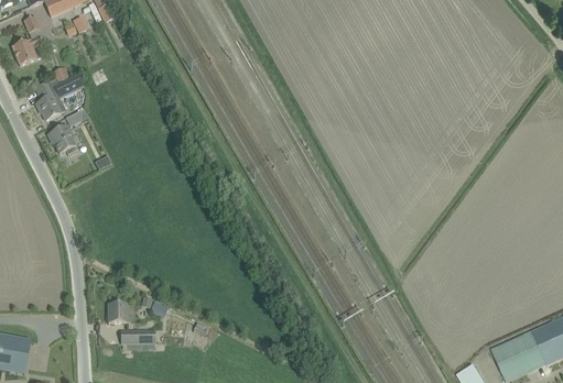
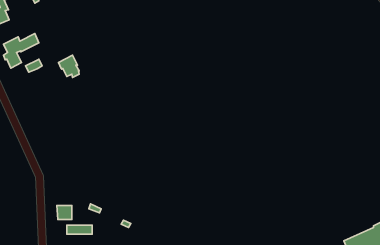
building: [48,124,76,154] -> [59,55,79,77]

